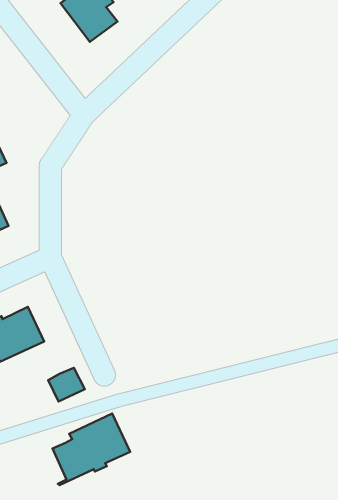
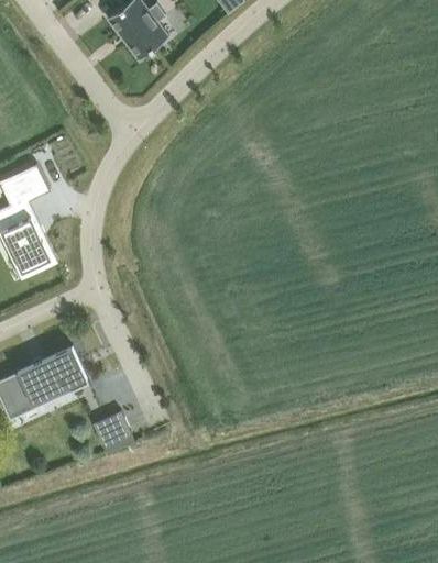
building: [53,413,130,485] -> none

